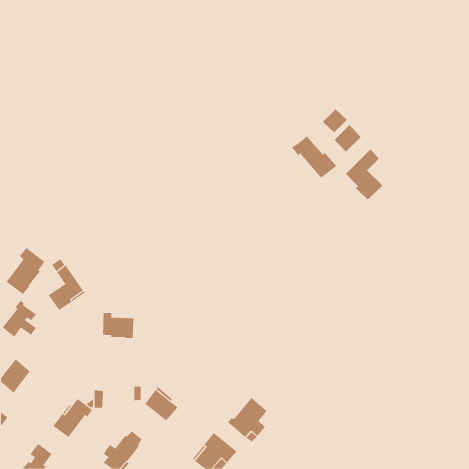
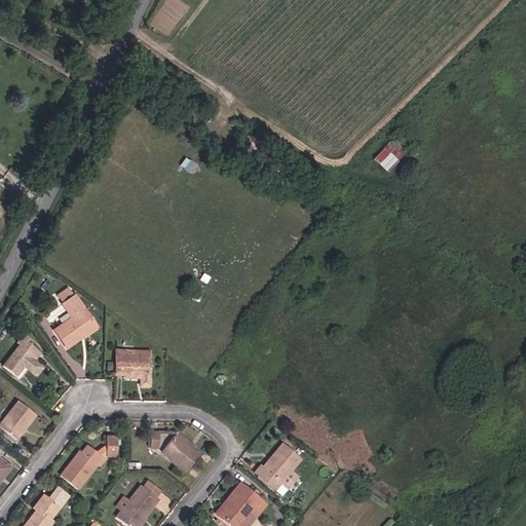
building: [322,109,348,133] -> none
building: [292,135,337,179] -> none
building: [345,149,383,201] -> none
building: [6,247,45,295] -> none

